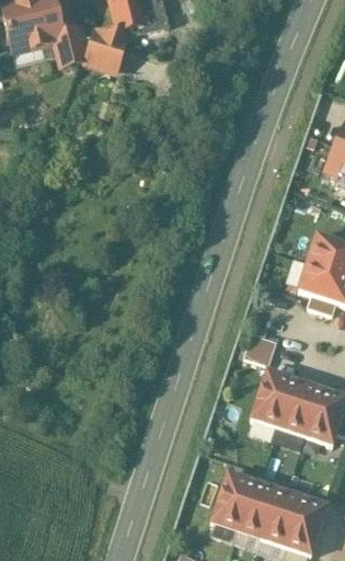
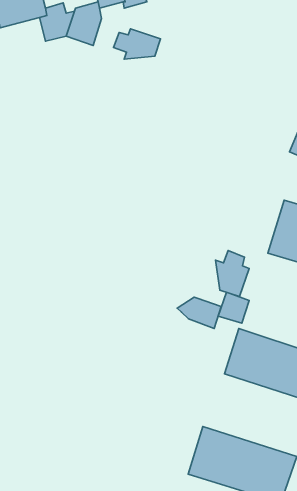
building: none -> [113,29,160,59]
building: none -> [216,251,249,297]
building: none -> [177,297,221,328]

